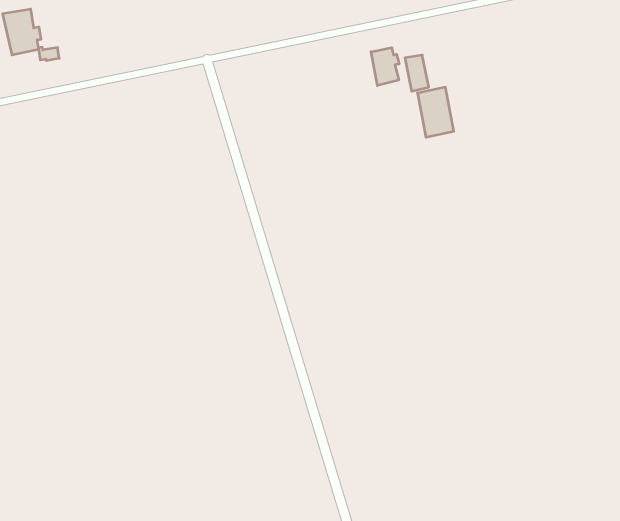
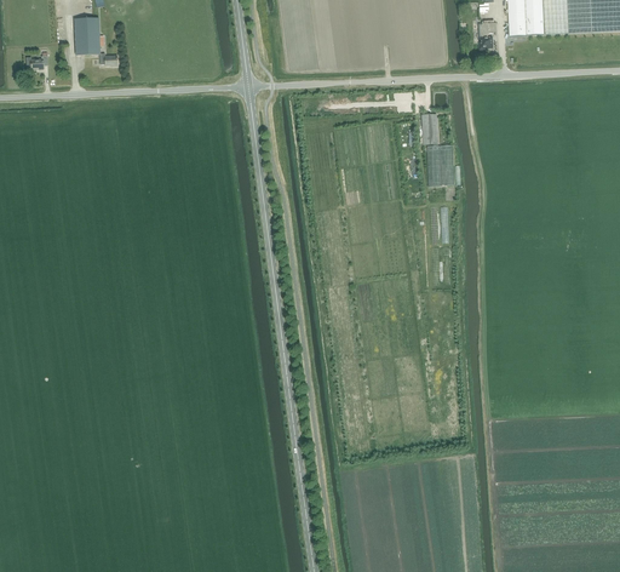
building: [371,48,399,86] -> none

